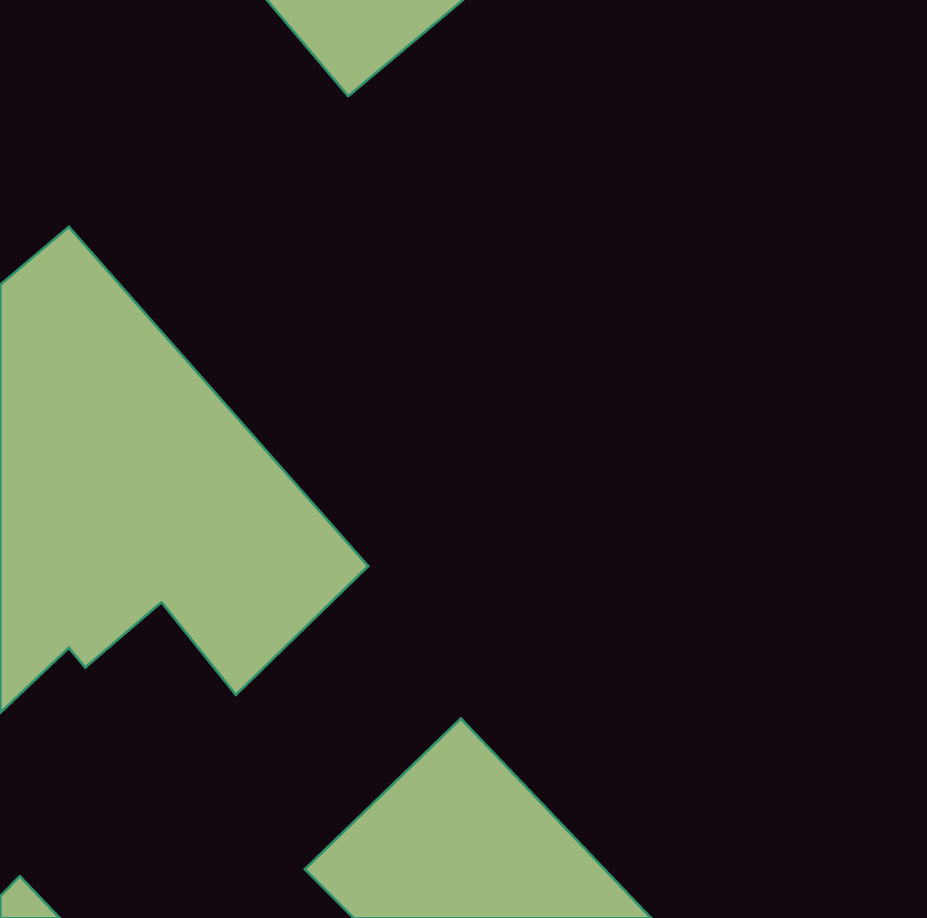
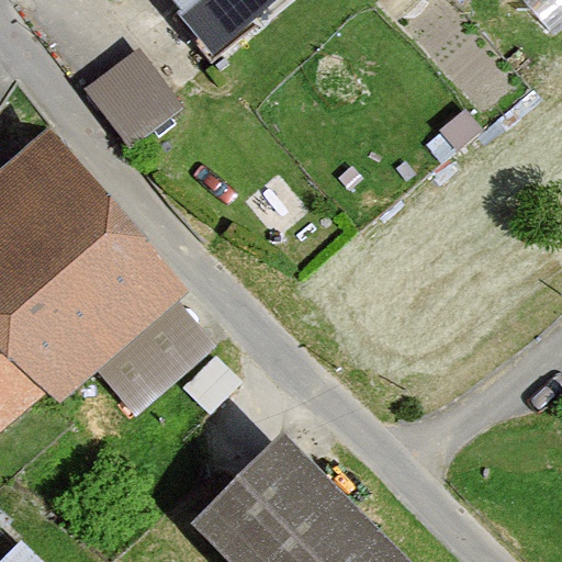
building: none -> [92,33,190,132]

